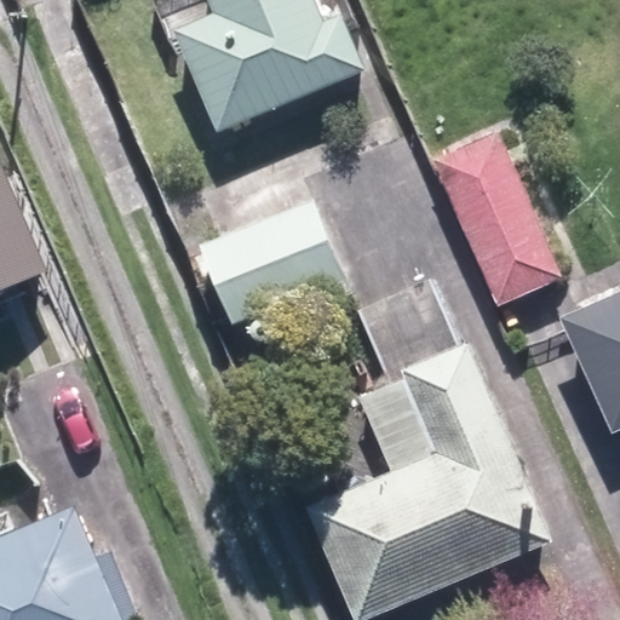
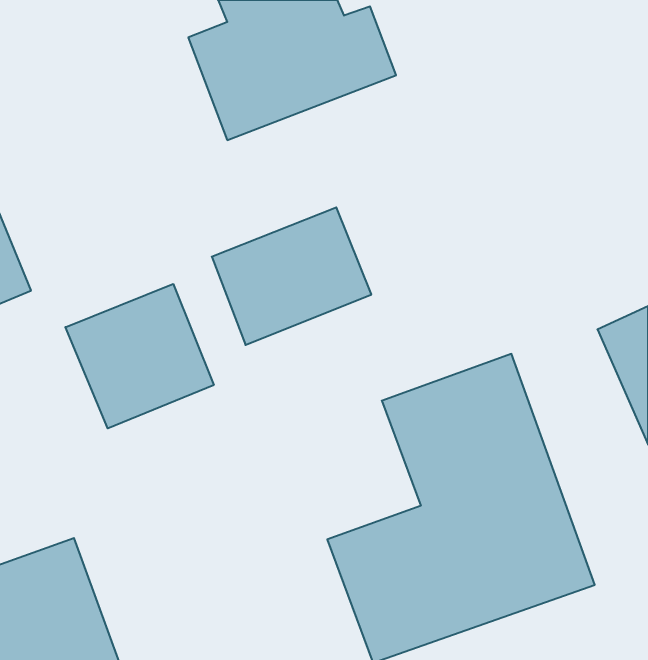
building: [429,125,562,308] -> none
building: none -> [65,284,214,428]

